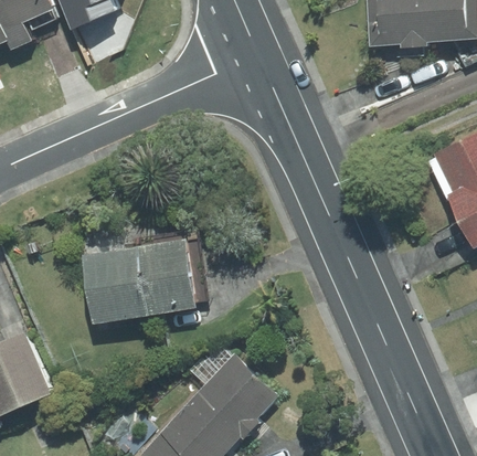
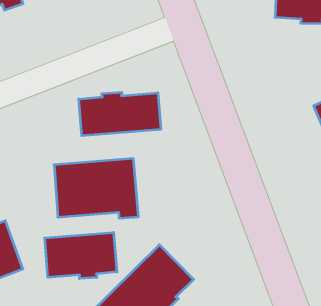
building: none -> [79,92,161,136]
building: none -> [45,232,117,279]

